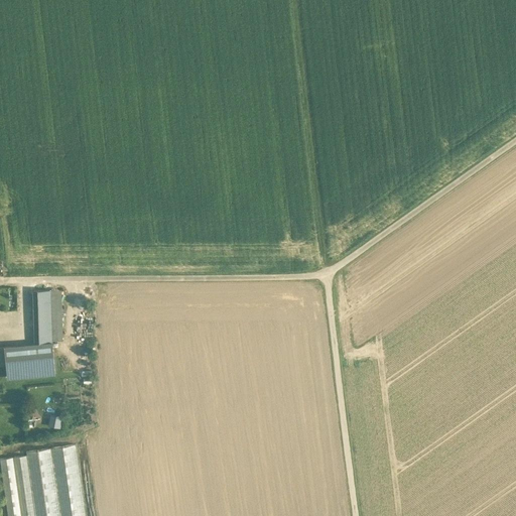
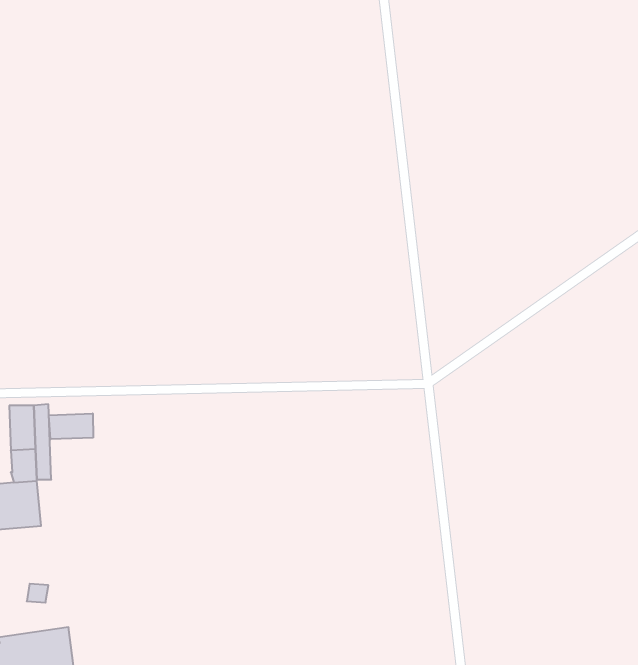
building: none -> [49,413,93,439]

